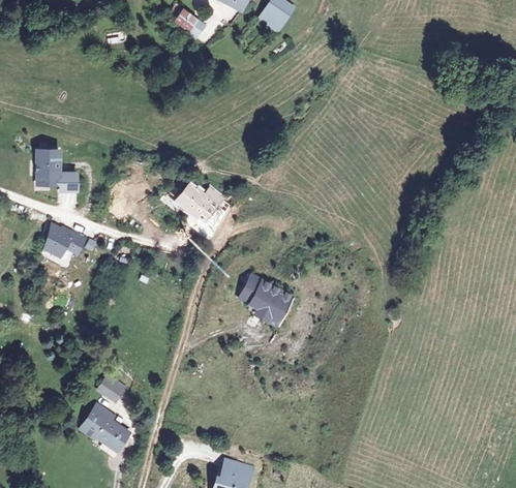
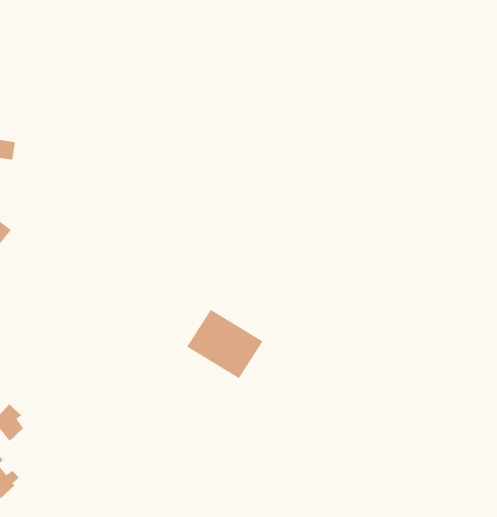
building: [176,185,220,233] -> none

